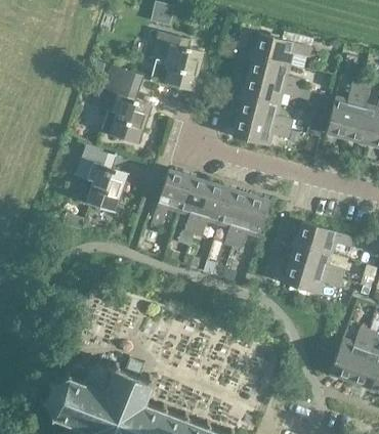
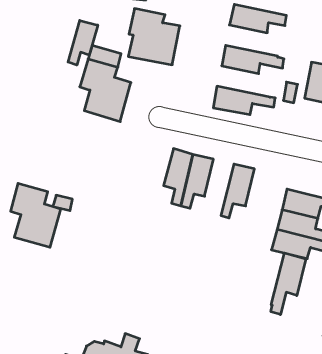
building: none -> [68,20,98,65]
building: [249,53,303,88] -> none
building: [238,94,293,129] -> none
building: [76,145,127,212] -> [11,183,61,247]
building: [150,169,190,231] -> none
building: [218,188,250,246] -> none
building: none -> [271,253,306,315]

